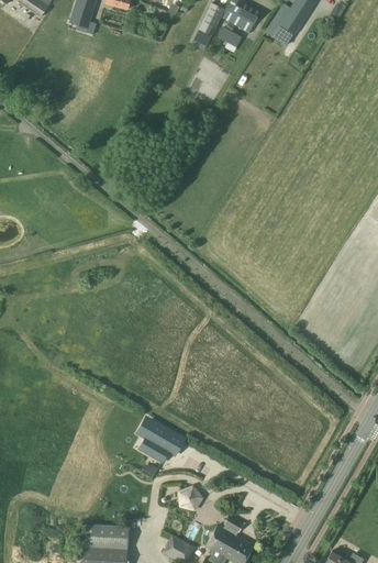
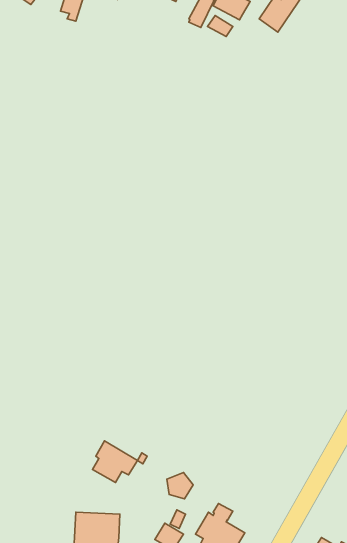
building: [138,419,184,461] -> [92,441,137,483]

